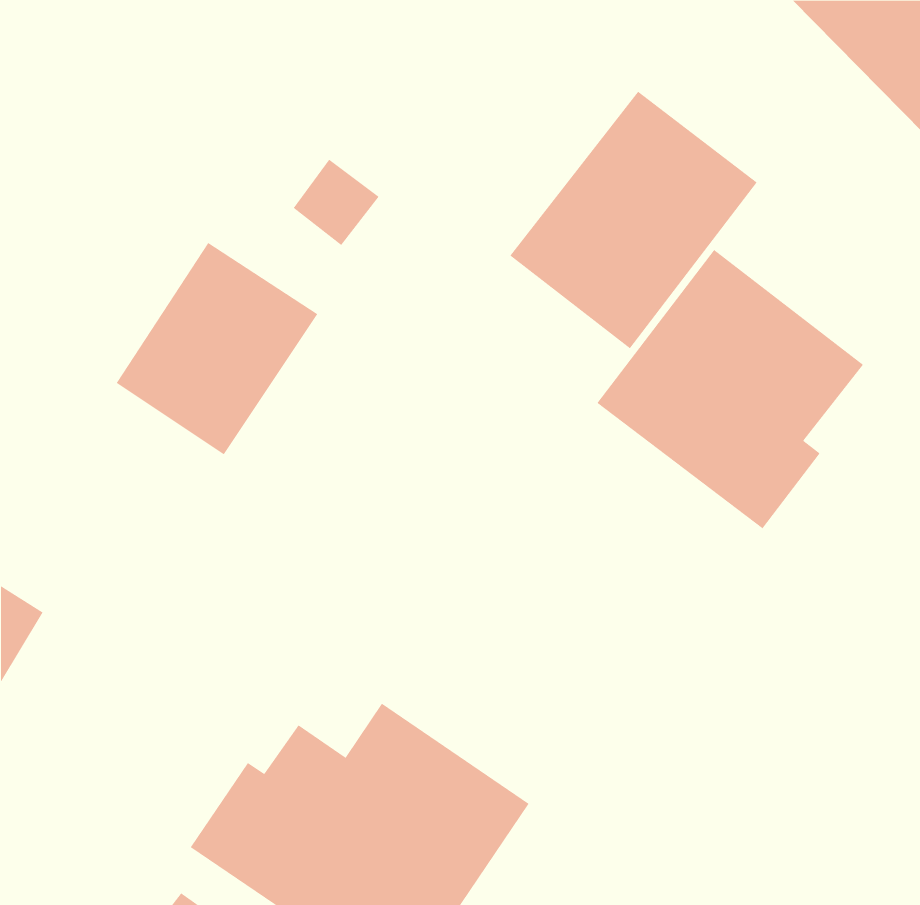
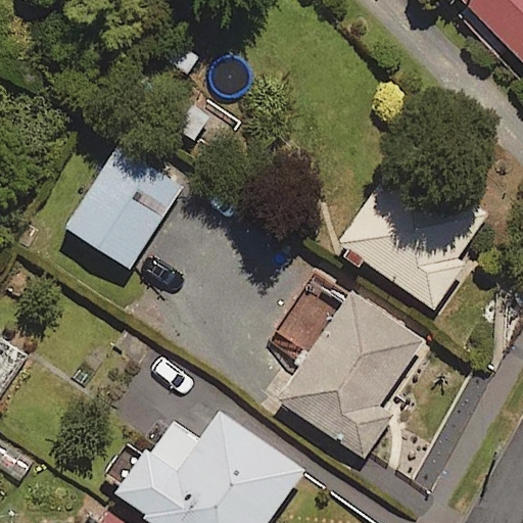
building: [510,91,758,349] -> none
building: none -> [272,273,424,460]

